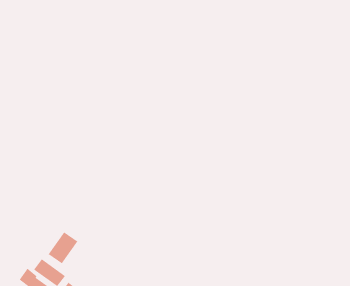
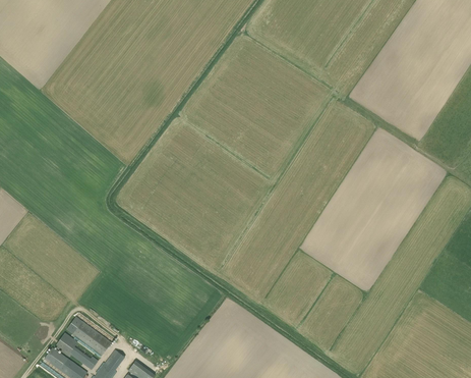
building: [48,232,78,264] -> none

